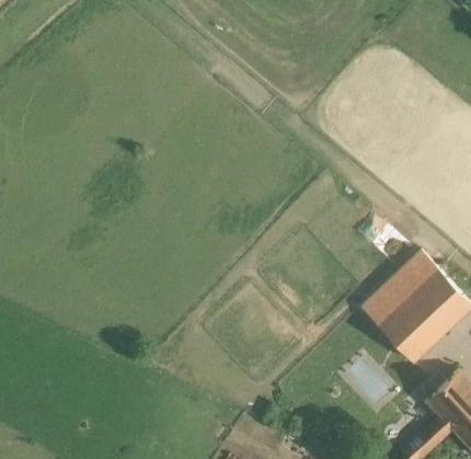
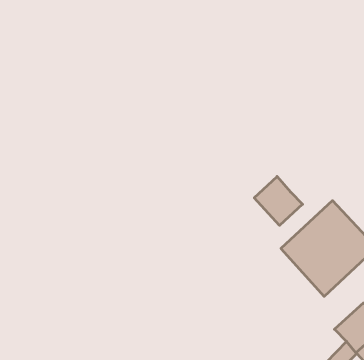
building: none -> [254,176,303,225]

